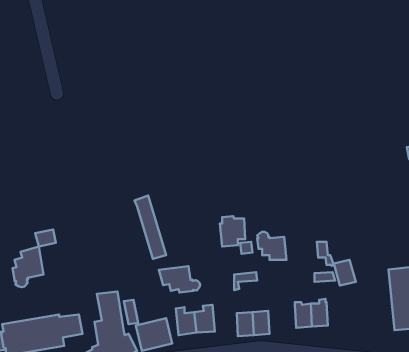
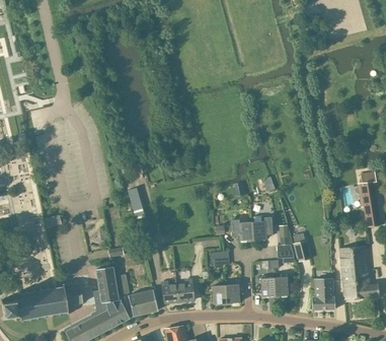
building: [220,216,245,246] -> [251,215,273,241]
building: [13,247,43,287] -> none
building: [159,266,200,293] -> none
building: none -> [311,278,334,310]

